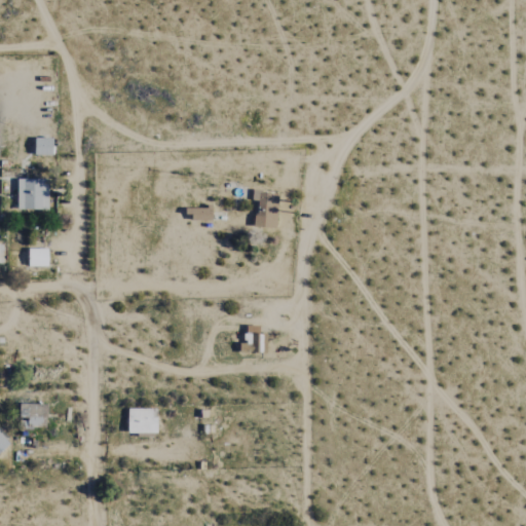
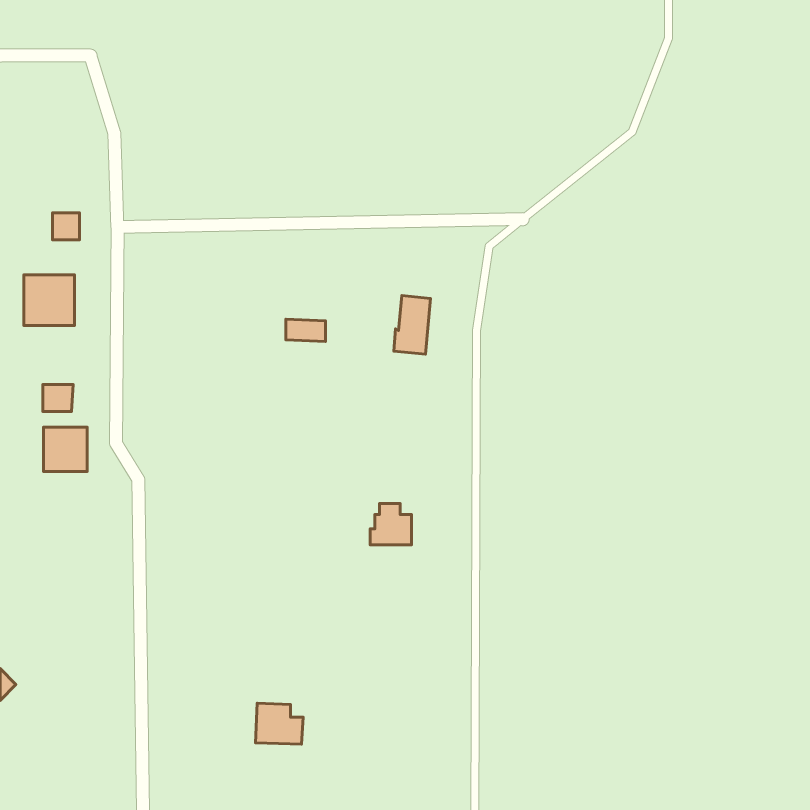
building: none -> [43,427,87,472]
building: [17,403,48,426] -> none
building: [128,407,159,434] -> [255,703,303,744]

